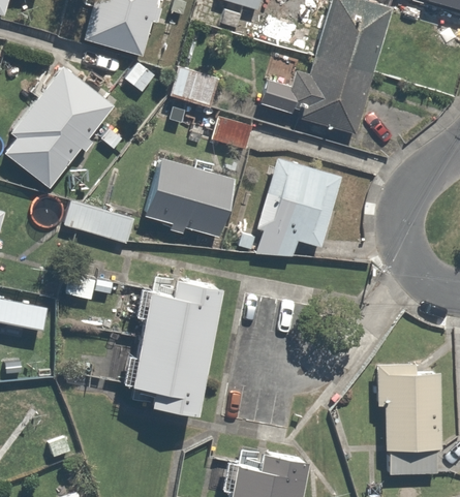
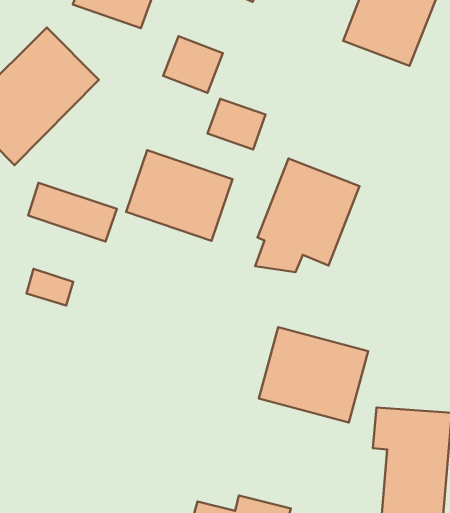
building: [260,54,376,135] -> none
building: [123,276,221,418] -> none
building: none -> [259,327,368,422]

